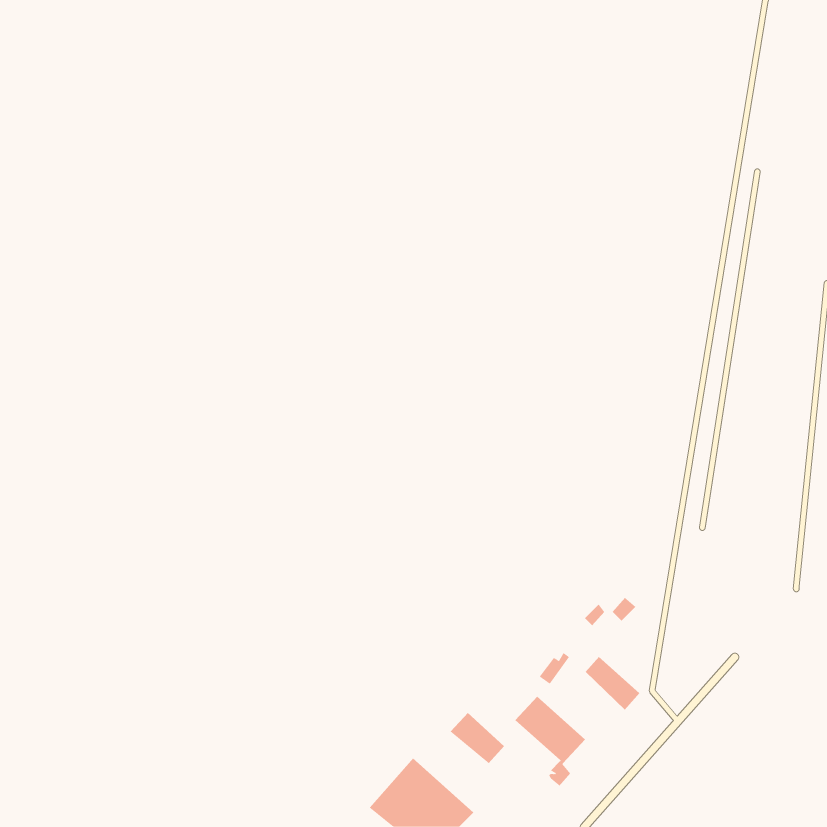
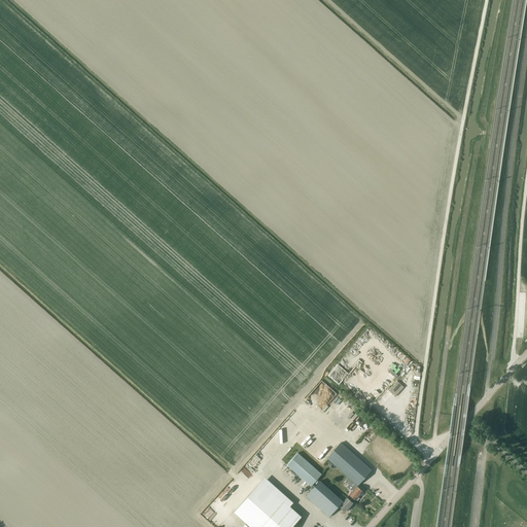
building: [585,656,640,711] -> none
building: none -> [306,481,353,517]

